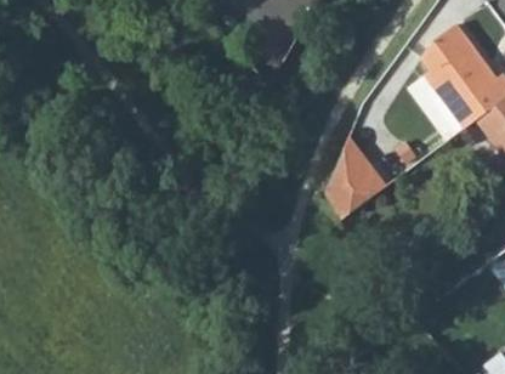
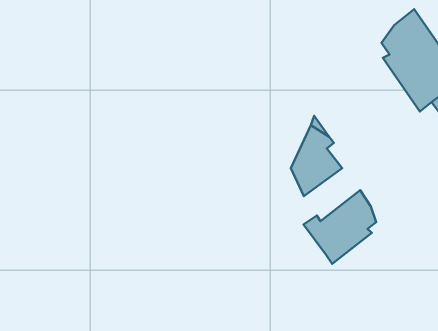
building: none -> [304,190,376,264]

